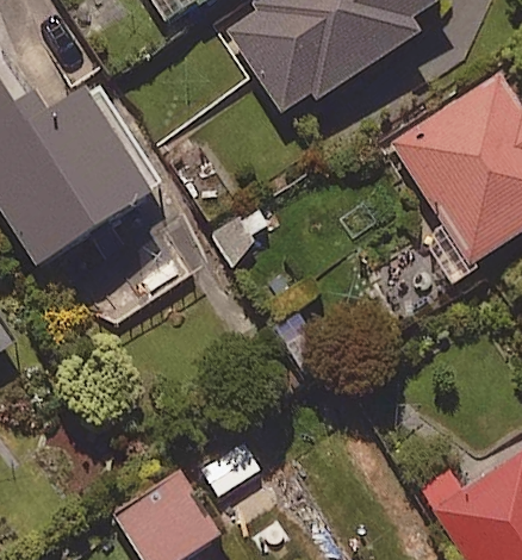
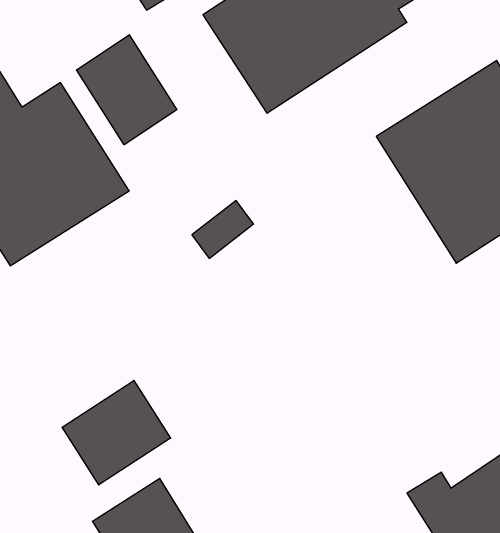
building: none -> [77,35,177,145]
building: none -> [62,380,171,485]

